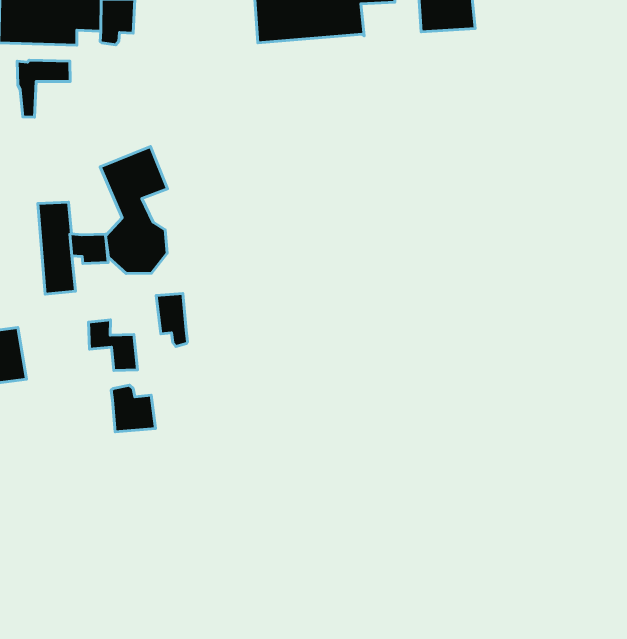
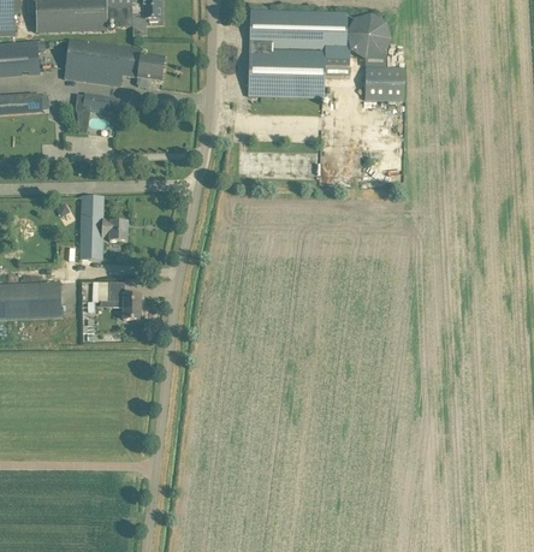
building: [100,147,167,274] -> none
building: [156,294,188,347] -> none
building: [111,385,155,432] -> none

